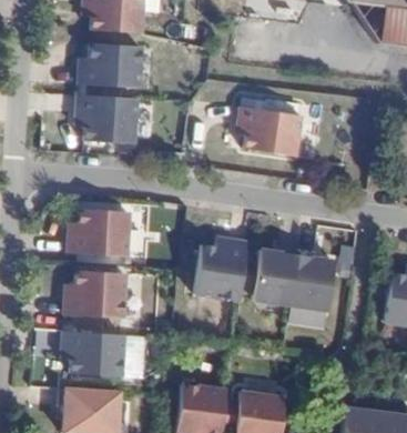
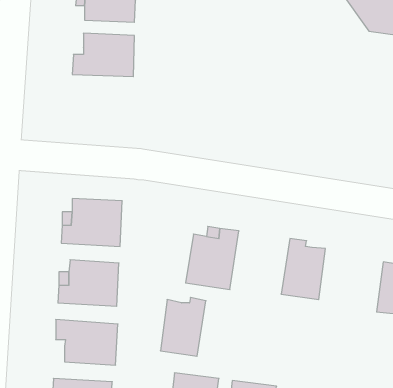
building: [77,95,136,143] -> none
building: [235,107,298,155] -> none
building: [251,245,296,304] -> [160,297,206,356]

